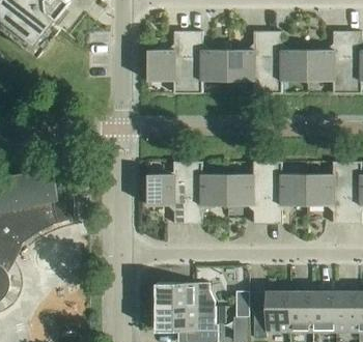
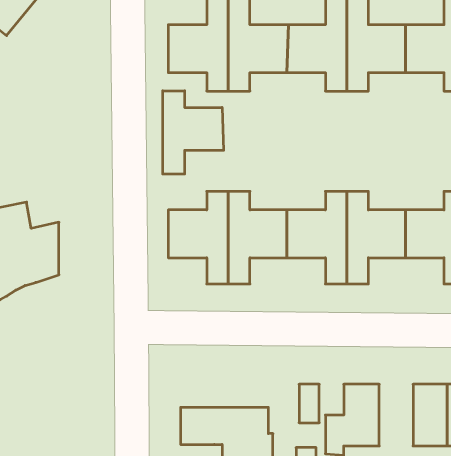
building: none -> [163,91,224,174]
building: [156,282,215,306] -> none
building: [289,290,312,332] -> none

